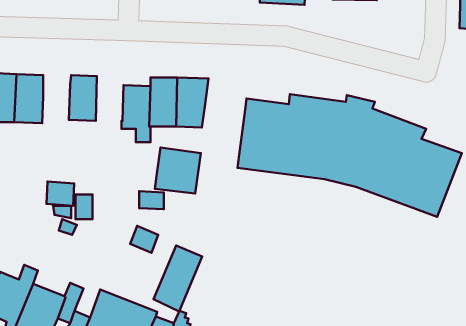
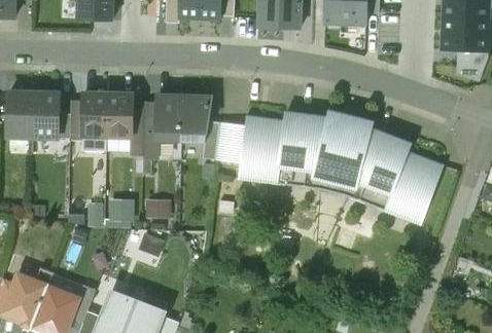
building: none -> [106,94,132,135]
building: none -> [57,101,82,138]
building: [155,148,201,193] -> [202,119,244,161]
building: [46,181,74,206] -> [107,198,133,221]
building: [154,246,202,312] -> none

